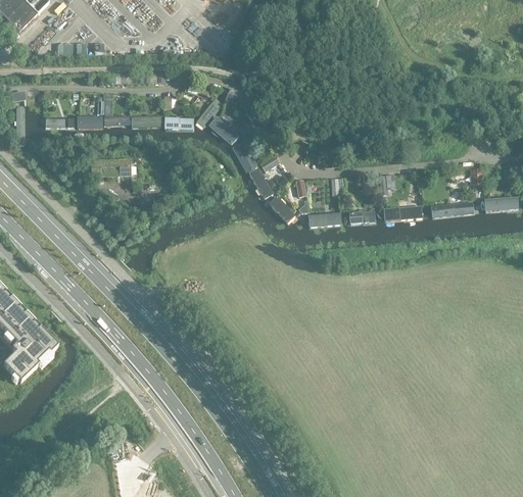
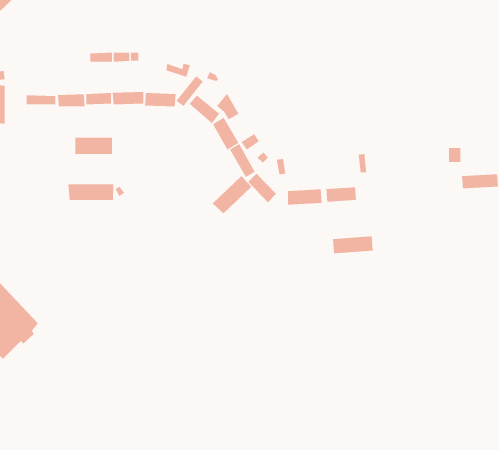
building: none -> [212,175,252,214]
building: [430,200,476,218] -> none
building: [383,205,425,223] -> [332,236,374,254]
building: none -> [68,184,114,201]

